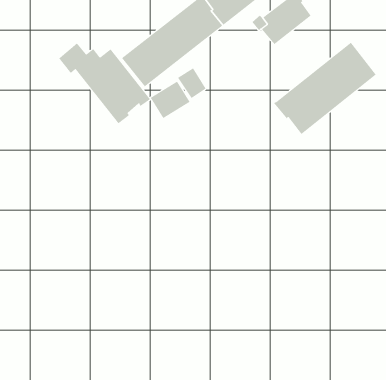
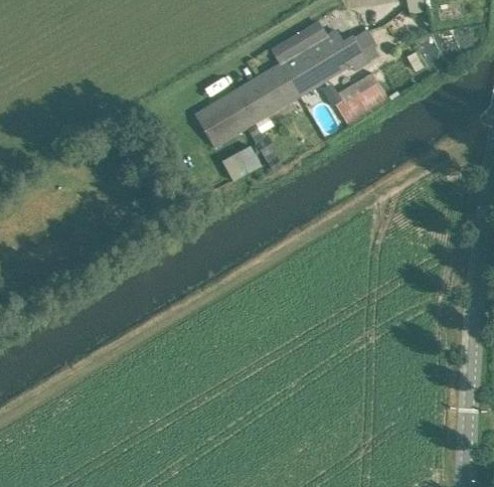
building: [273,42,377,135] -> none
building: [58,43,151,124] -> none

